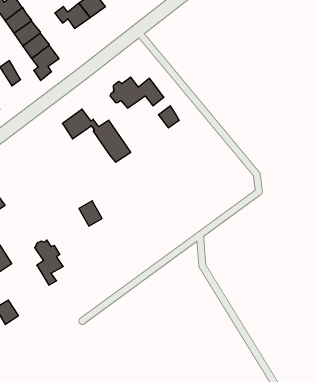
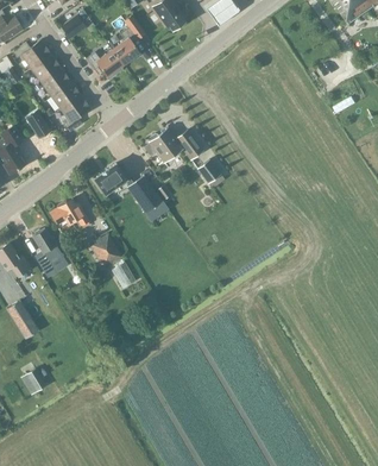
building: none -> [50,197,90,228]
building: none -> [90,233,124,266]
building: [35,240,63,285] -> [32,228,63,277]

